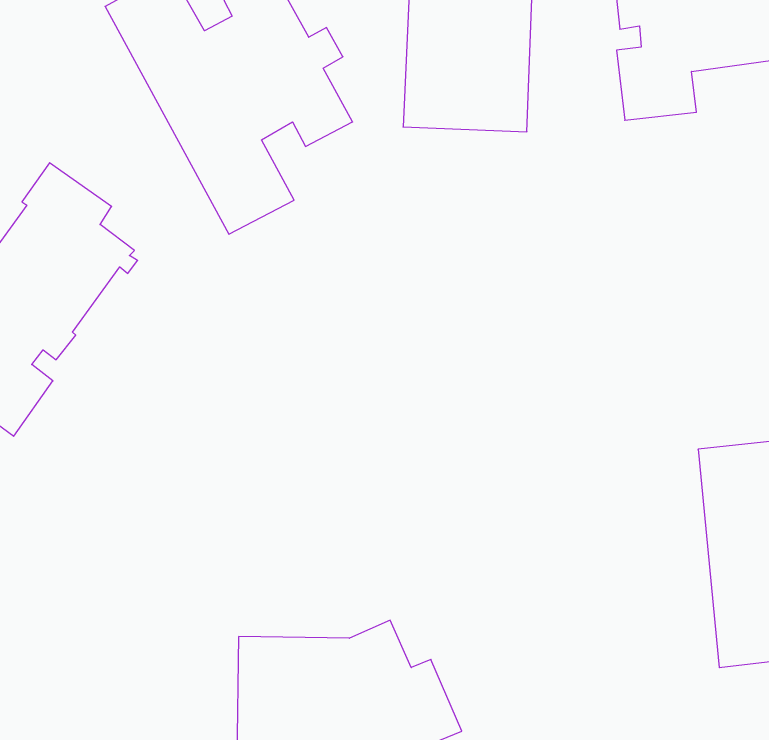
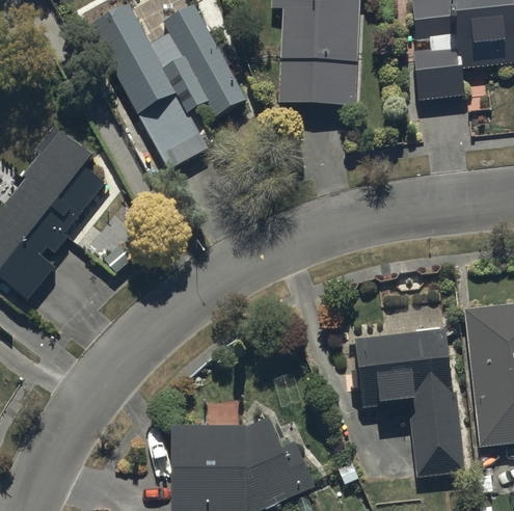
building: none -> [354,326,467,476]

